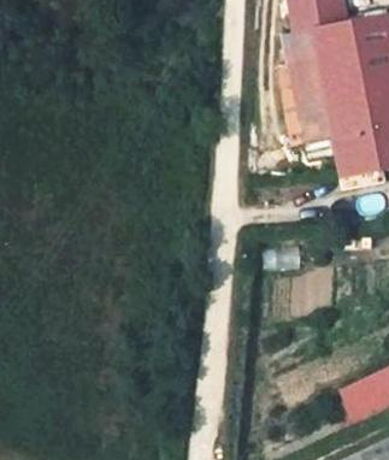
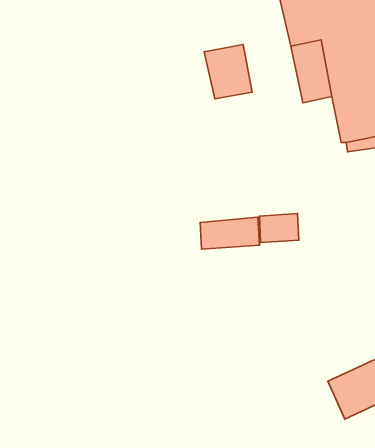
building: none -> [204,45,252,99]
building: none -> [200,217,259,249]

